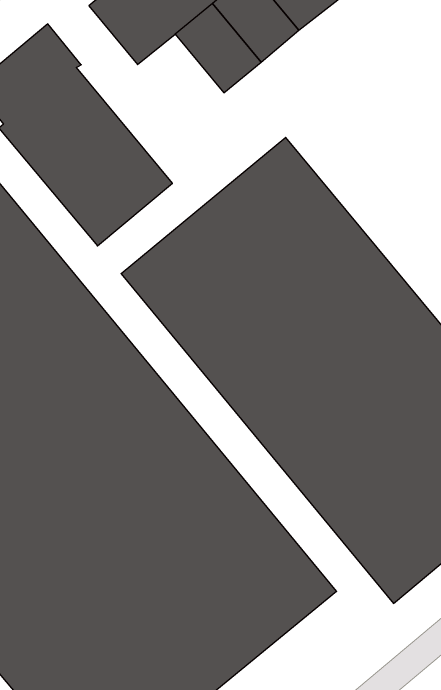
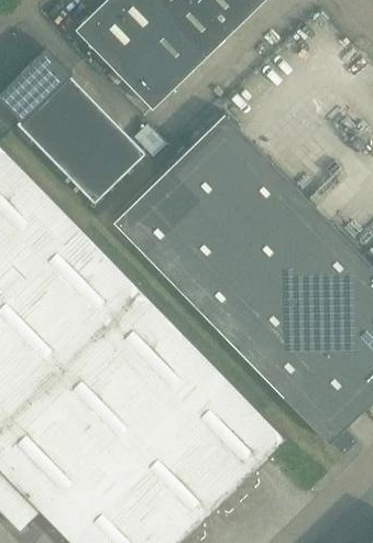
building: none -> [112,45,176,109]

